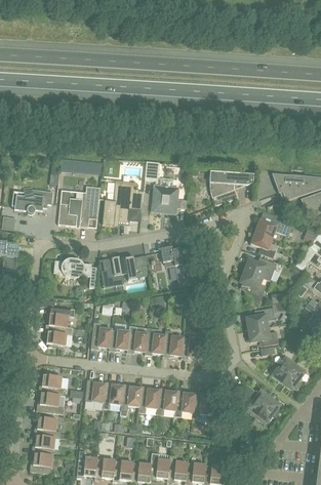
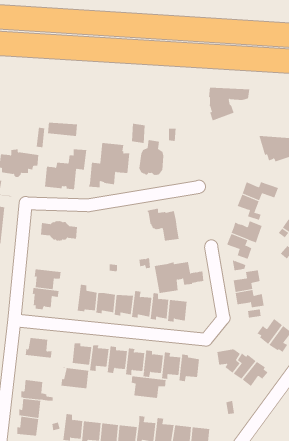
building: [211,171,253,205] -> [208,87,250,121]
building: [98,255,149,287] -> [154,262,204,293]
building: [36,392,65,413] -> [61,367,89,389]
building: none -> [130,376,166,399]

